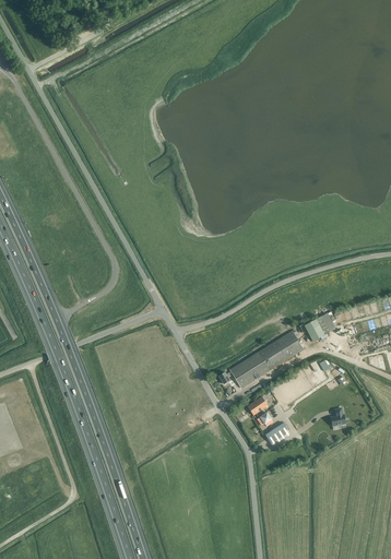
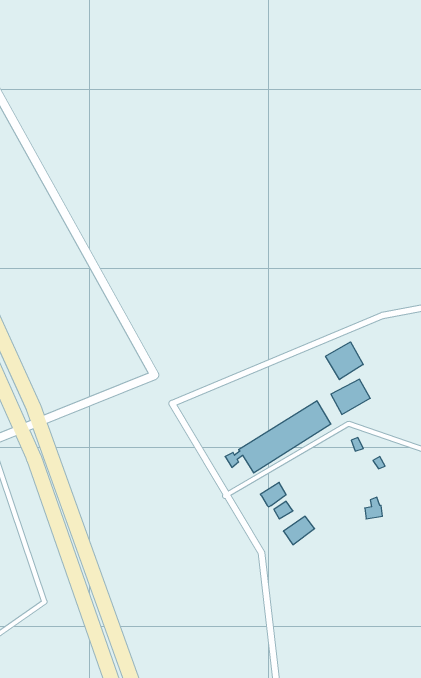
building: none -> [326,342,363,380]

